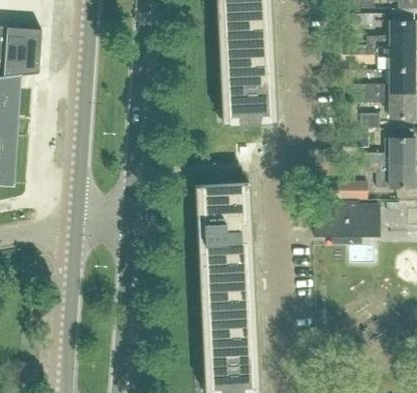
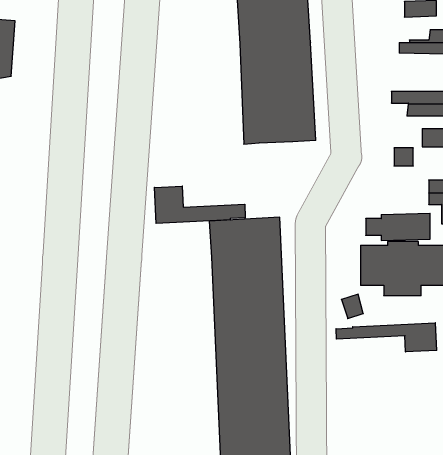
building: none -> [154,186,245,223]
building: none -> [336,323,437,352]

